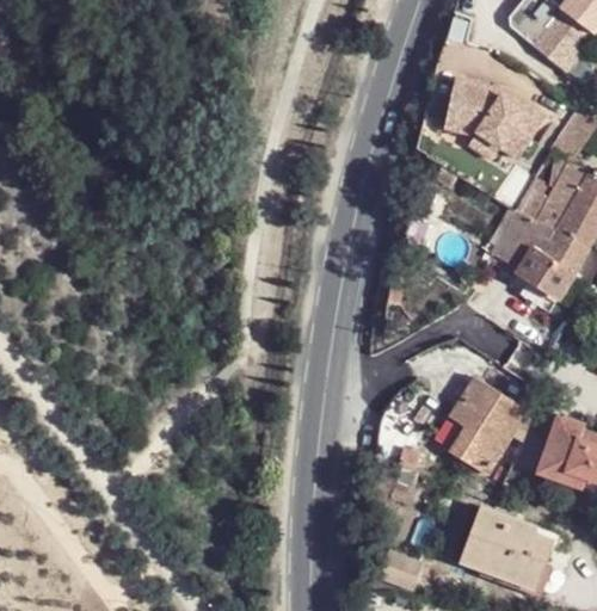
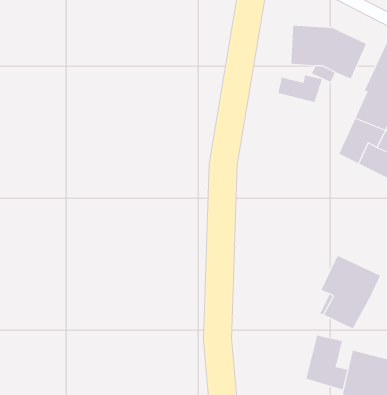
building: none -> [278,75,322,103]
building: none -> [306,335,348,390]

